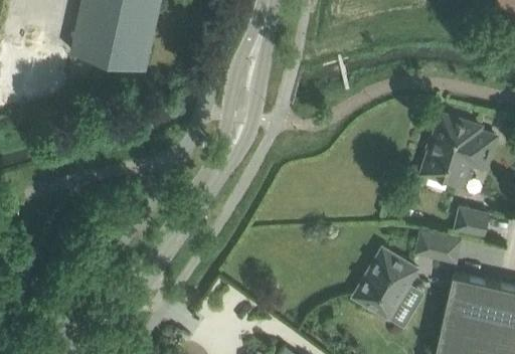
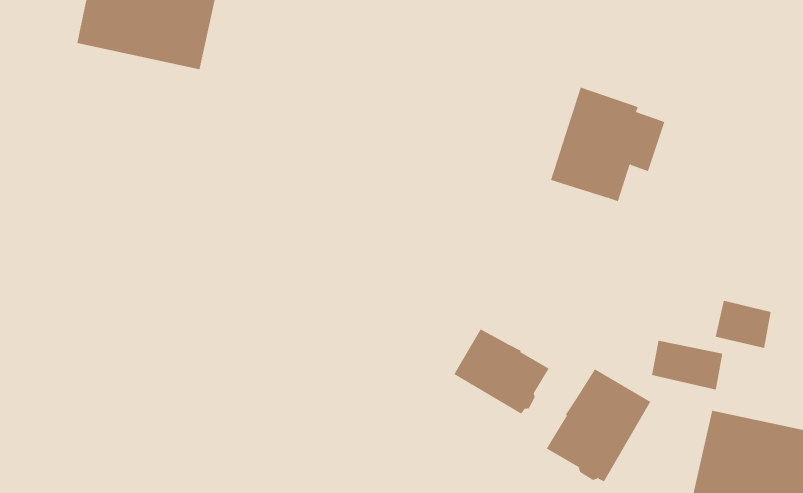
building: [424,118,494,187] -> [550,87,665,202]
building: none -> [454,329,549,414]

